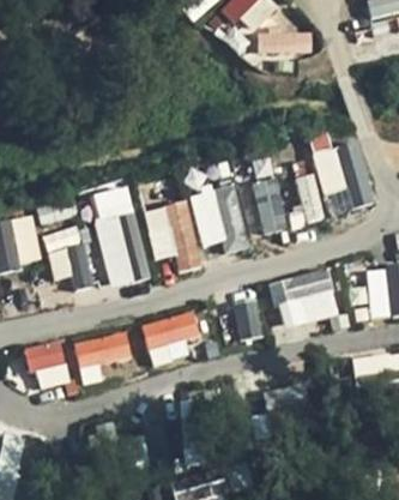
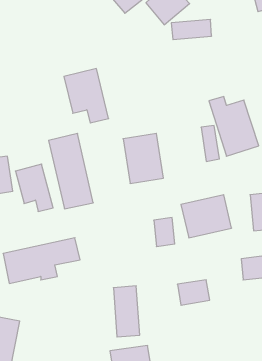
building: [252,177,286,234] -> none
building: [143,199,204,273] -> [64,69,109,123]
building: [141,311,204,361] -> none

